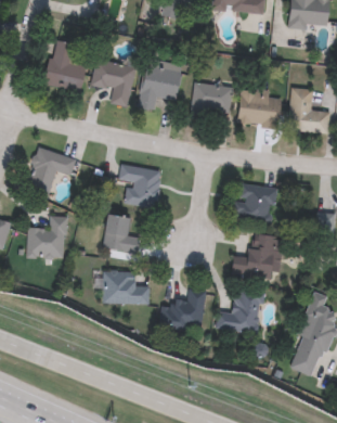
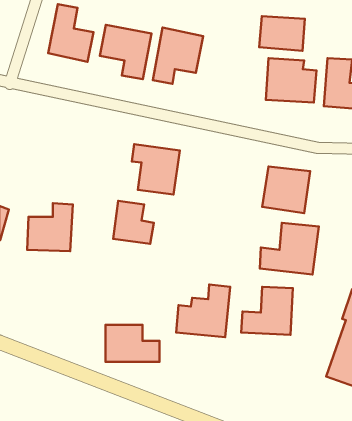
building: [192,84,232,114] -> [259,16,305,51]
building: [24,146,76,195] -> none
building: [102,271,150,304] -> [105,325,160,362]

